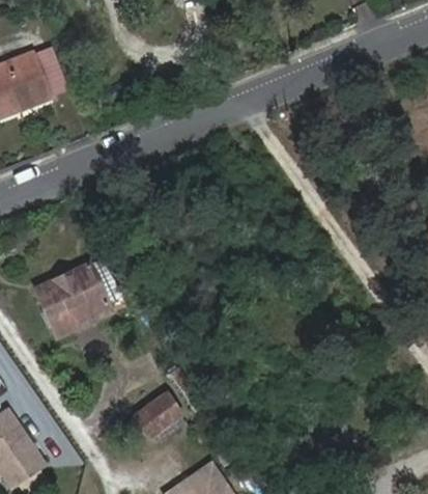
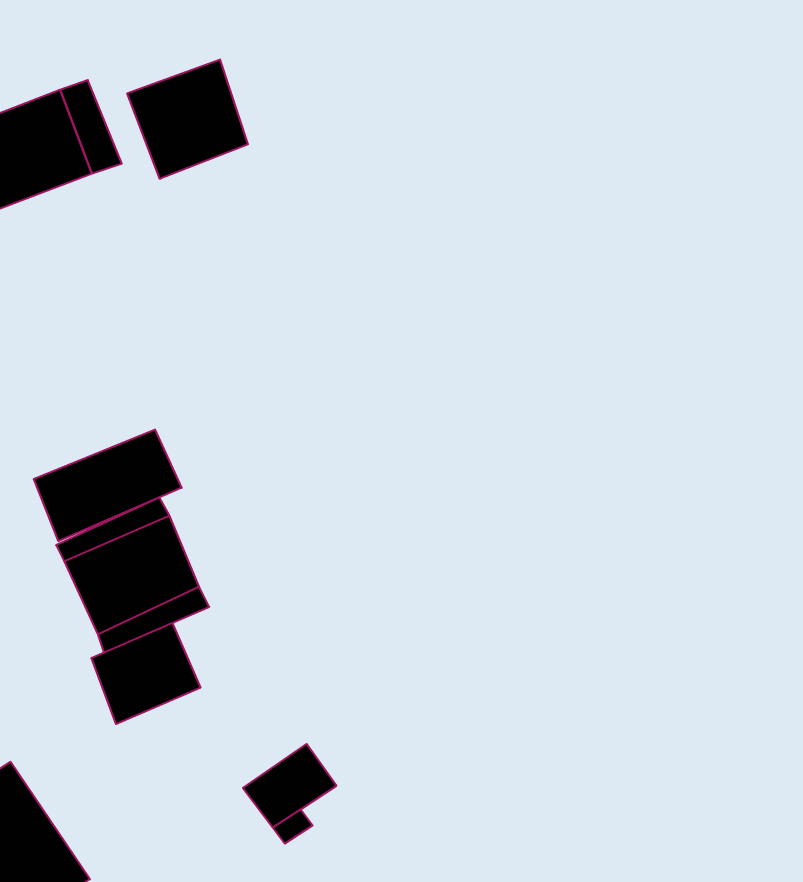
building: none -> [127,59,248,179]
building: none -> [34,429,182,541]
building: none -> [91,623,200,724]

